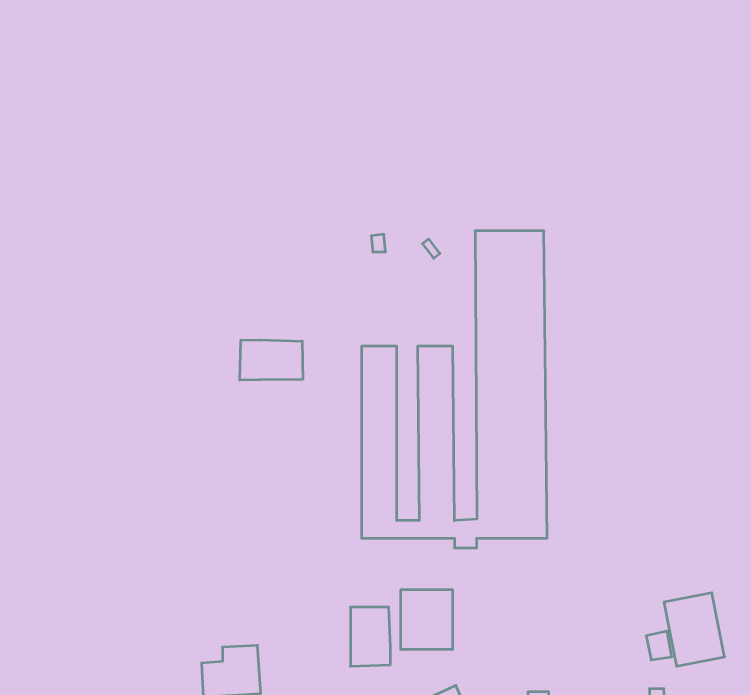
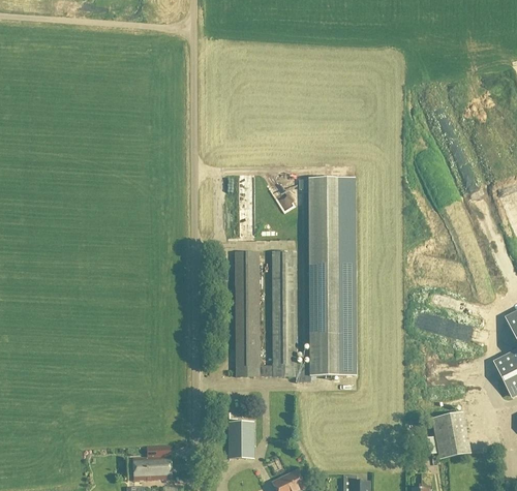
building: [240,340,303,380] -> none
building: [401,590,452,650] -> none

